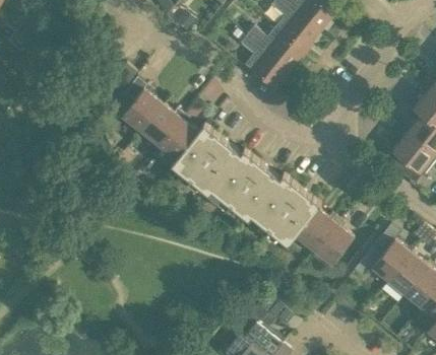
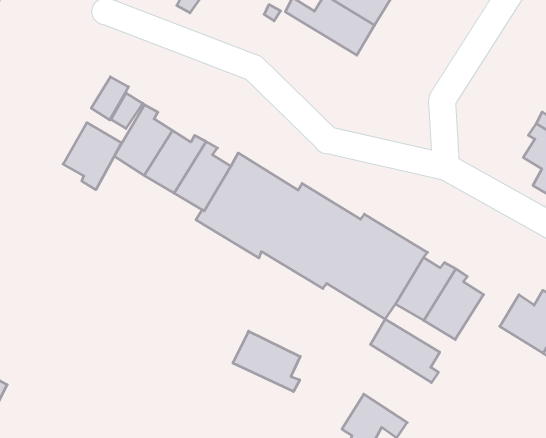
building: [240,36,291,89] -> none
building: none -> [63,123,121,190]
building: none -> [233,331,300,392]
building: none -> [370,319,440,383]

